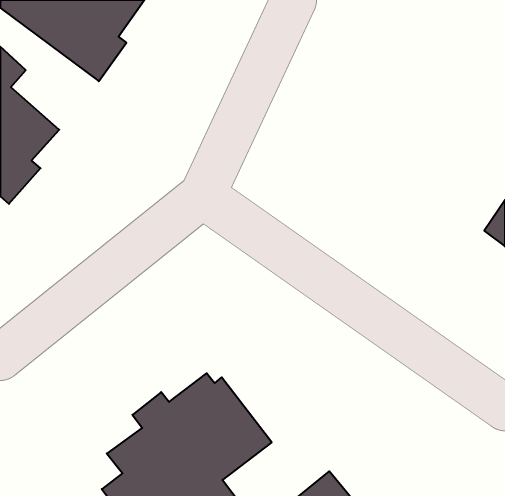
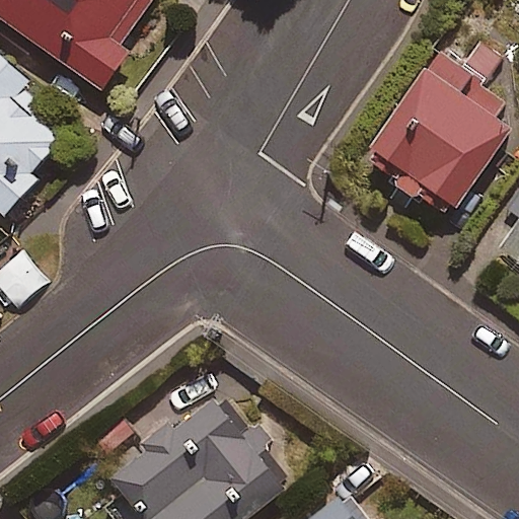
building: none -> [370,39,513,221]

